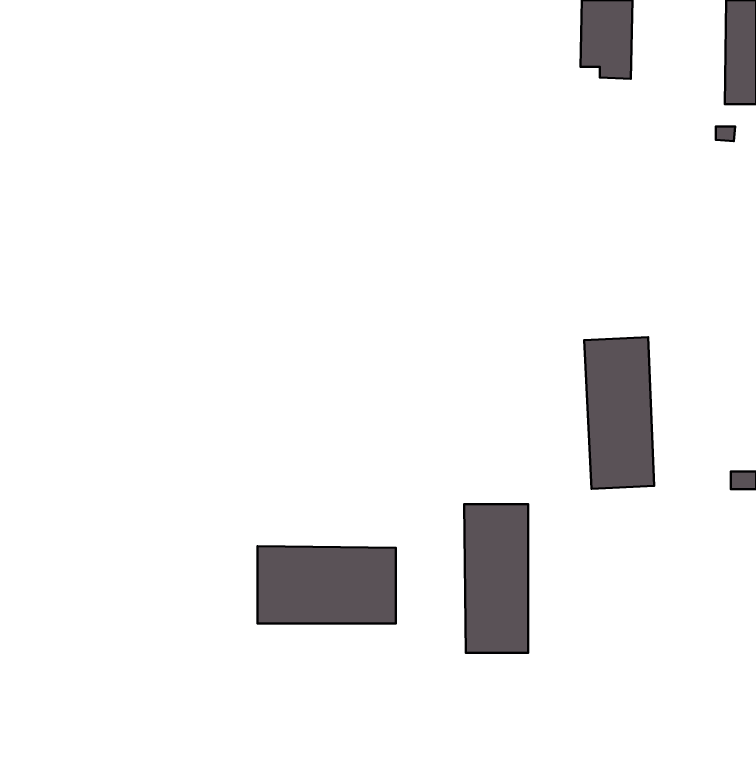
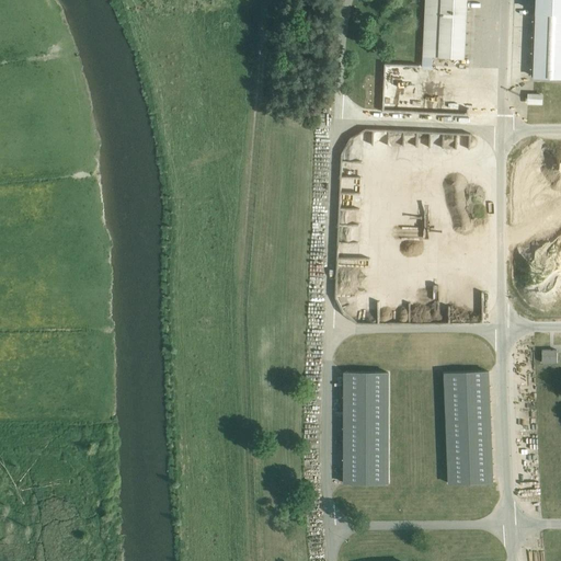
building: [584,337,654,489] -> [443,371,494,483]
building: [257,546,396,623] -> none

